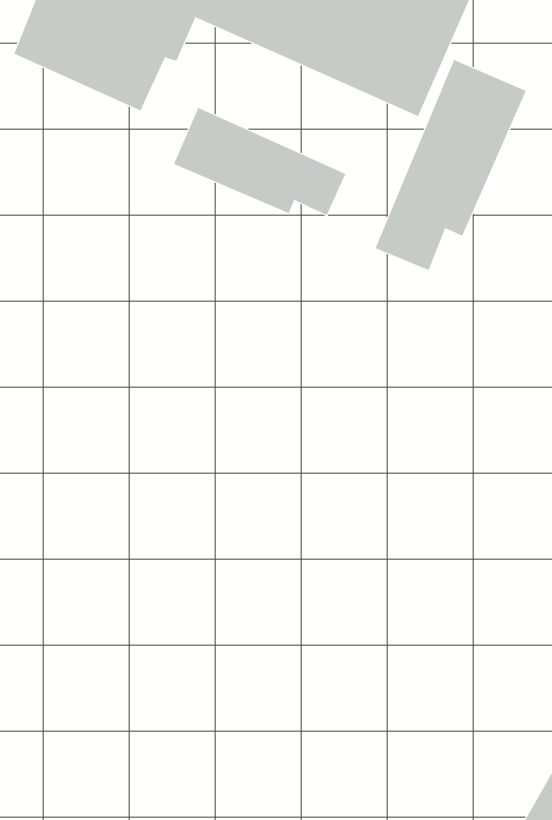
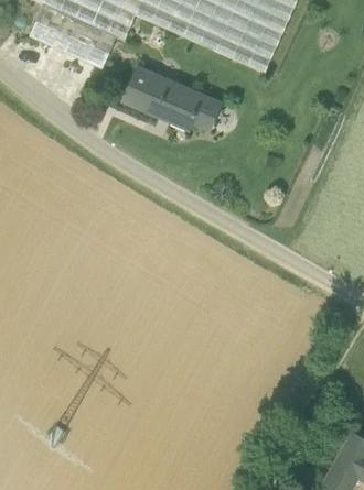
building: [375,59,527,271] -> none

